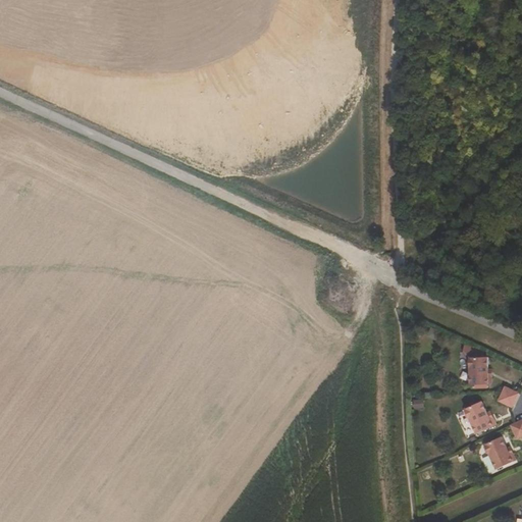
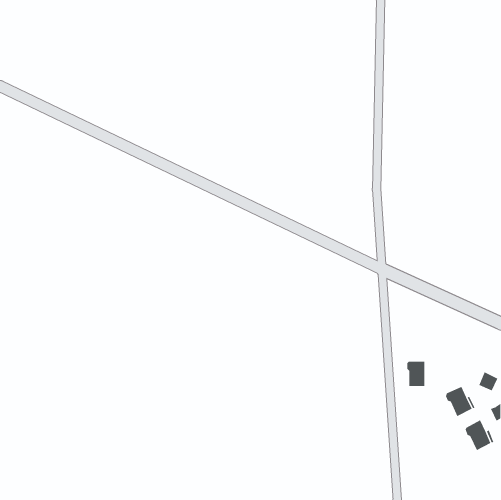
building: [467,357,486,383] -> [406,361,425,387]

